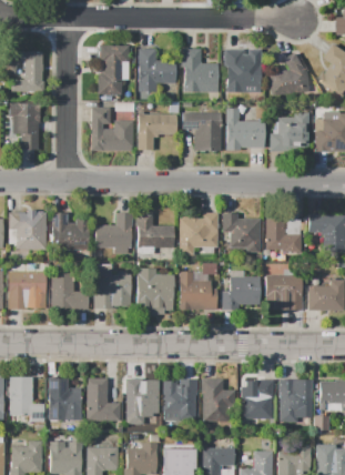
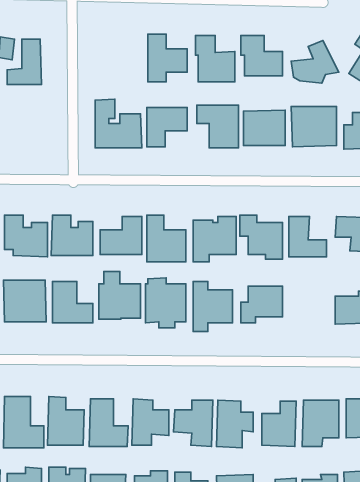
building: [98,46,128,94] -> none
building: [11,104,39,149] -> none
building: [266,274,303,310] -> none

